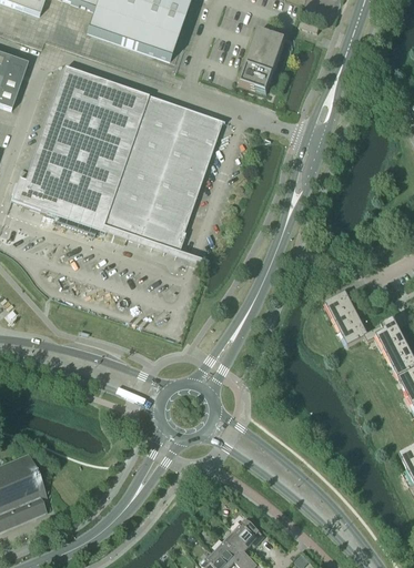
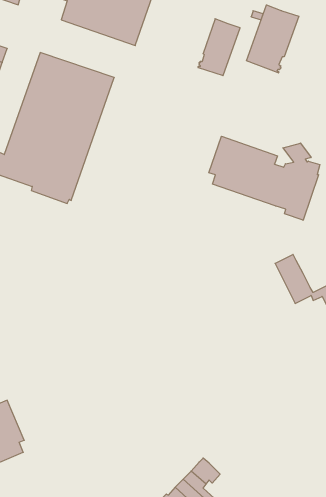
building: none -> [247,5,299,73]
building: [99,93,223,252] -> none
building: none -> [209,136,320,220]

